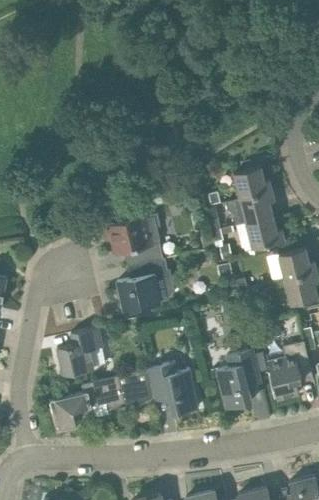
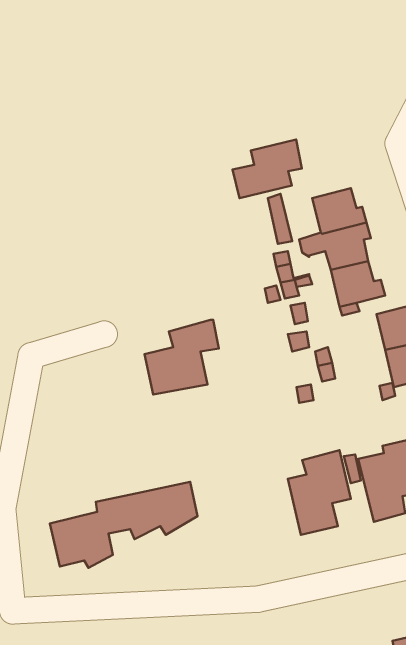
building: none -> [233,140,302,198]
building: [109,215,163,268] -> none
building: [58,328,103,377] -> none
building: [149,364,198,414] -> none

